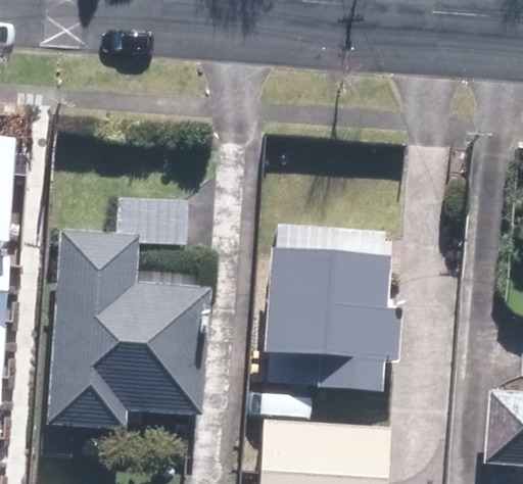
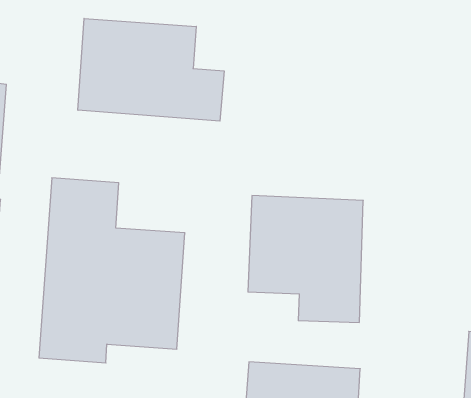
building: none -> [78,18,224,121]

